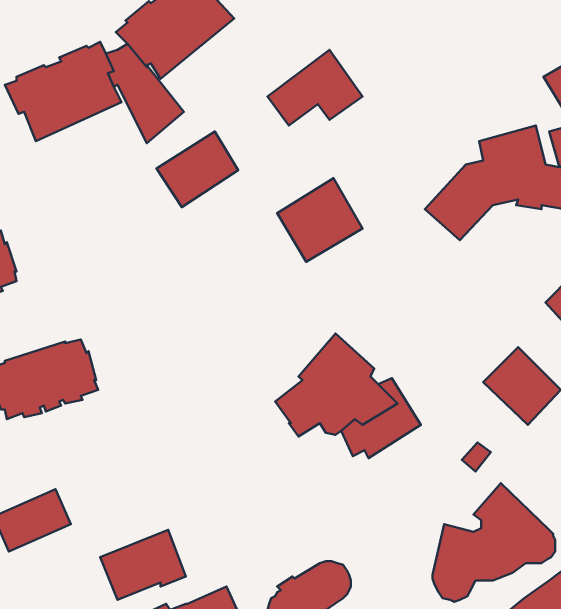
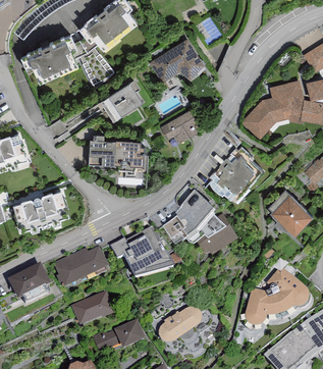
building: none -> [87,135,142,171]
building: none -> [219,150,269,202]
building: none -> [118,229,170,280]
building: none -> [60,250,114,293]

